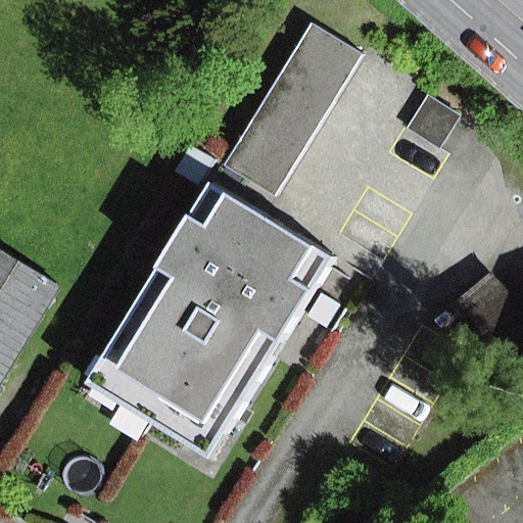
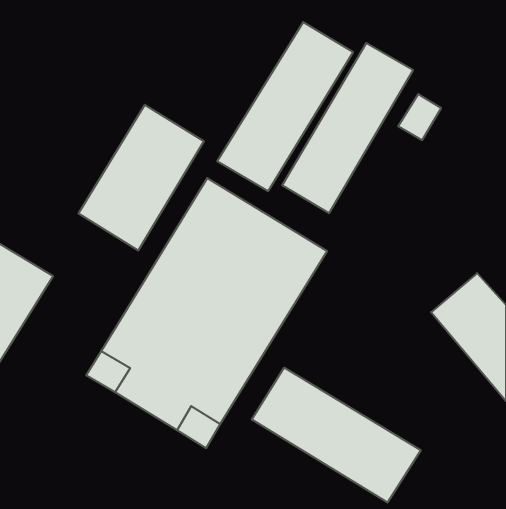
building: none -> [79,105,204,251]
building: none -> [252,368,421,503]

